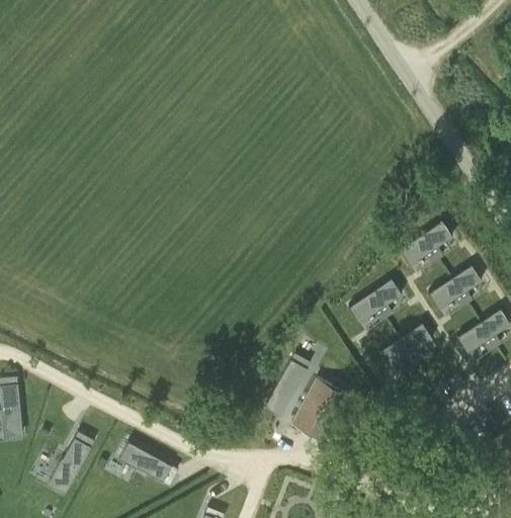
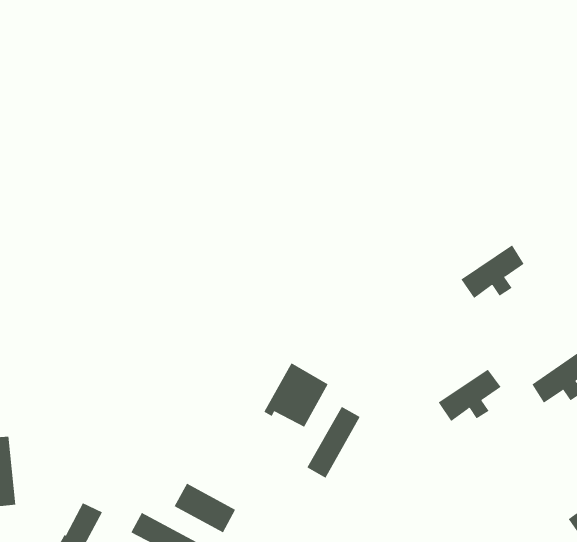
building: [426,263,481,309] -> none
building: [347,279,402,325] -> none
building: [295,381,350,436] -> [264,362,329,428]
building: none -> [174,483,236,533]

